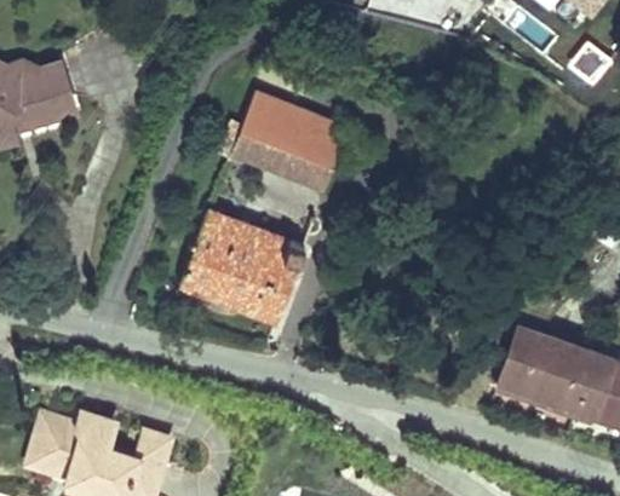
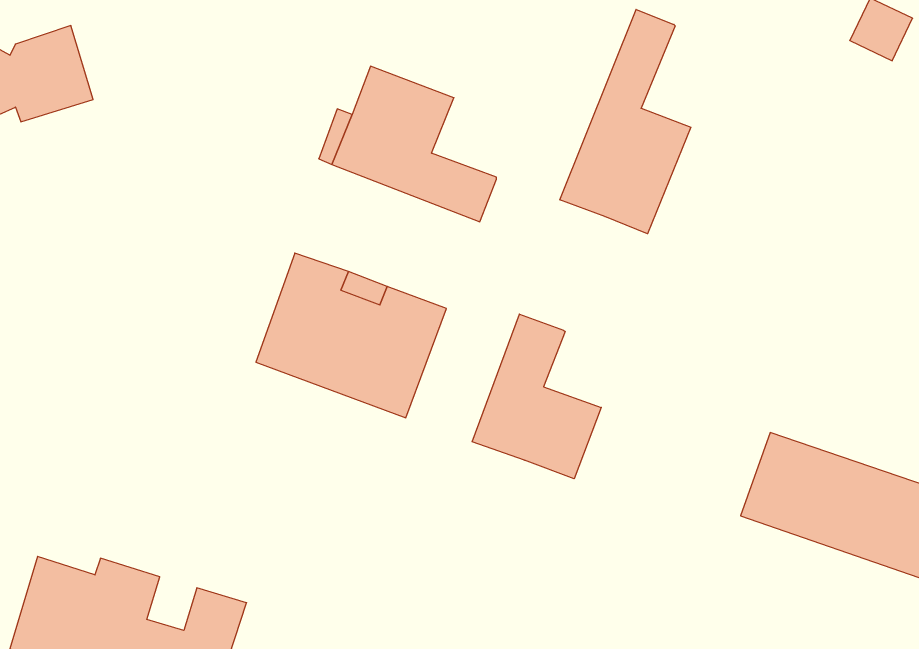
building: none -> [560,9,691,234]
building: [295,110,352,163] -> none
building: none -> [472,314,601,479]

